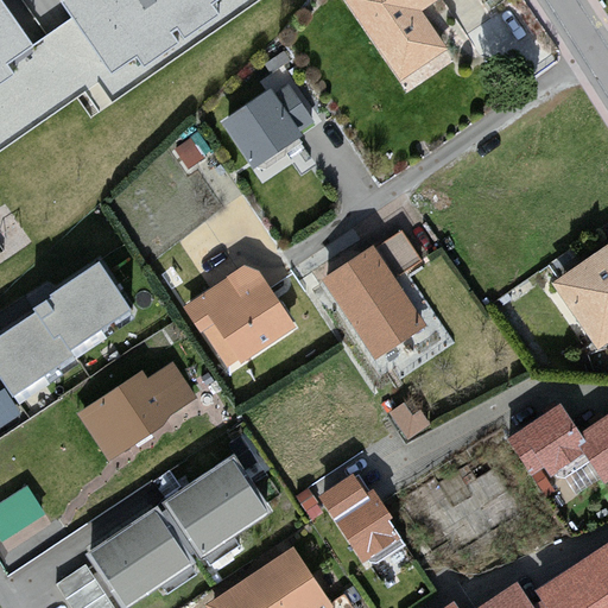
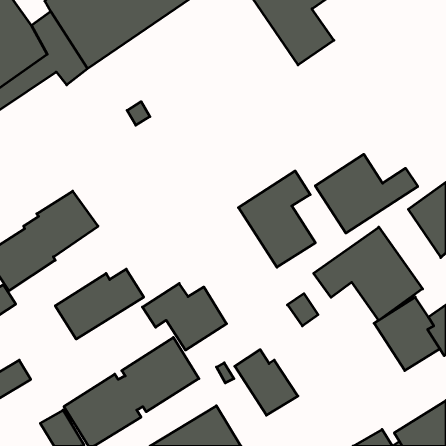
building: [221,87,311,172] -> none
building: none -> [315,154,418,233]
building: [182,276,296,366] -> [142,283,227,350]
building: none -> [314,227,423,320]

